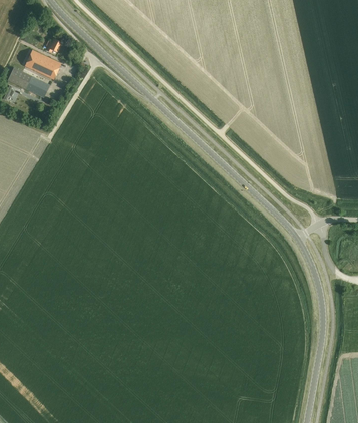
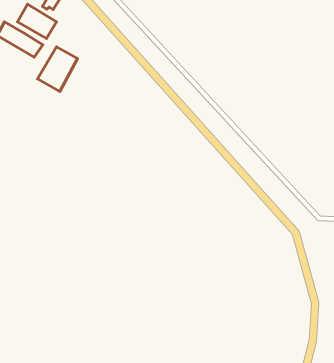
building: none -> [38,47,78,92]

